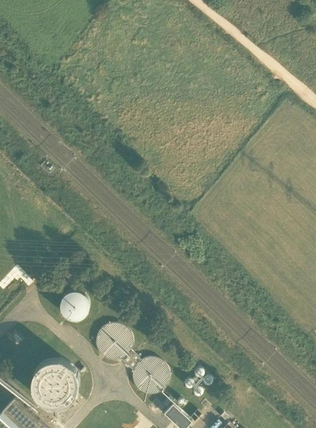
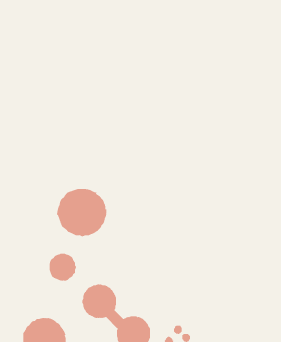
building: none -> [56,188,107,237]

